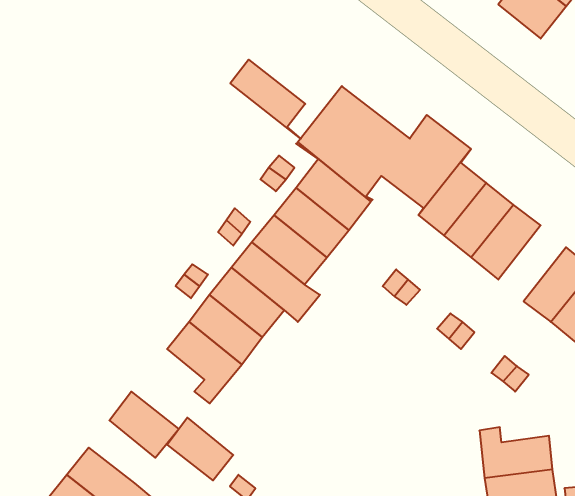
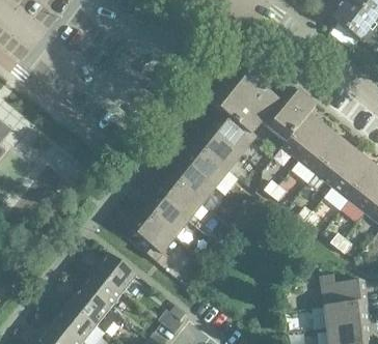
building: [230,60,305,139] -> none
building: none -> [330,152,372,199]
building: [167,418,233,480] -> [80,271,120,310]

